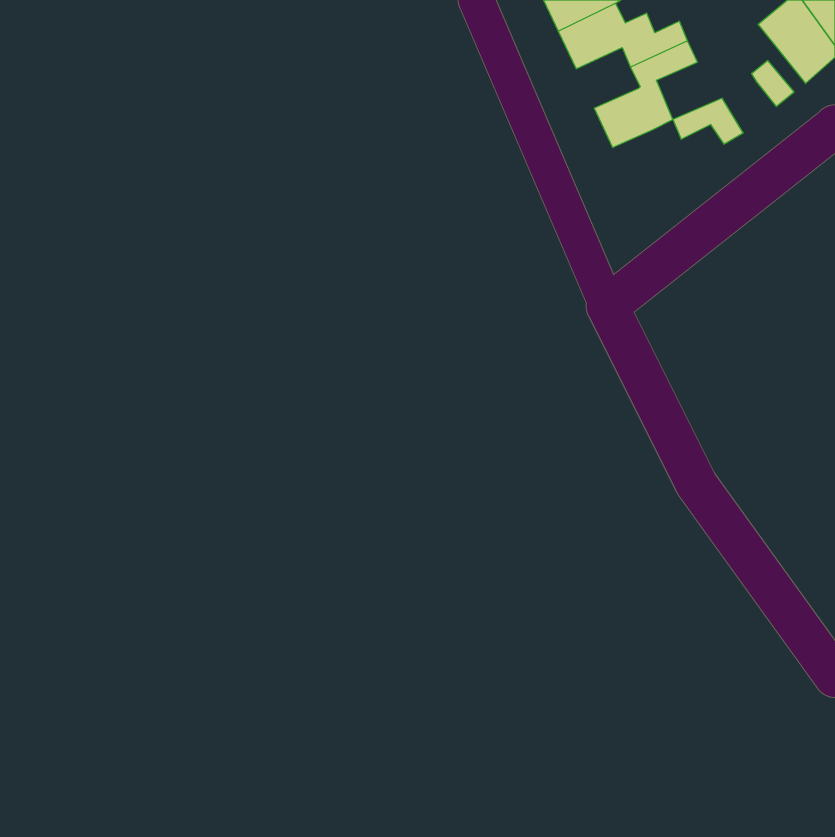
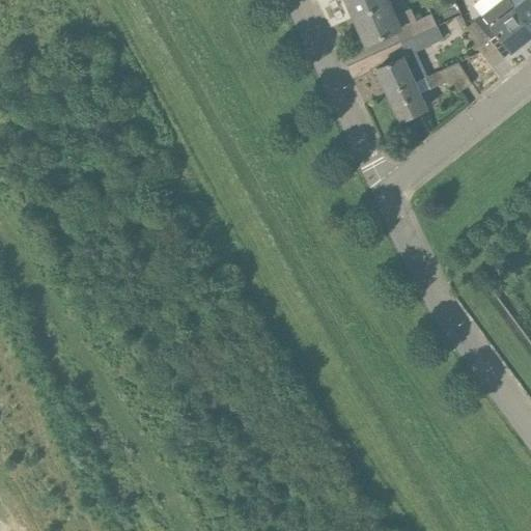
building: none -> [388,82,425,120]

